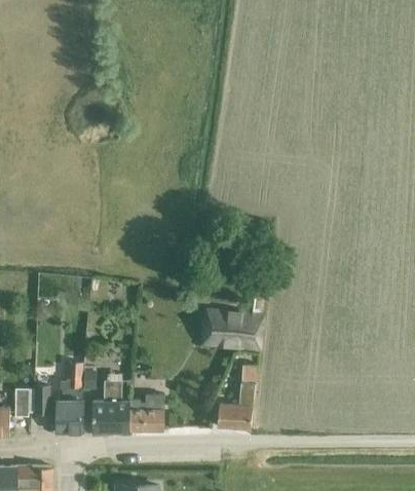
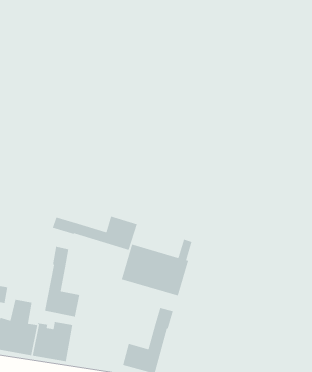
building: none -> [52,215,138,251]
building: none -> [44,246,80,317]

